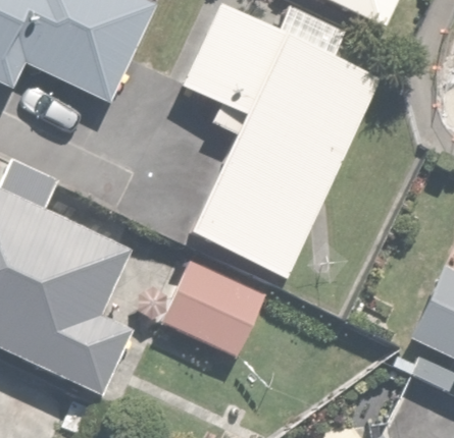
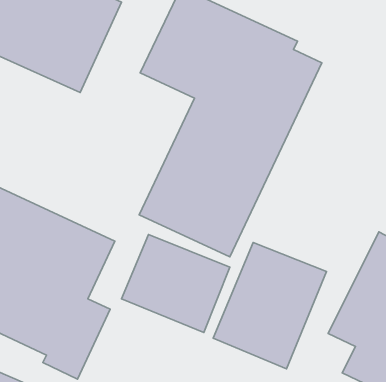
building: none -> [213,242,326,369]

